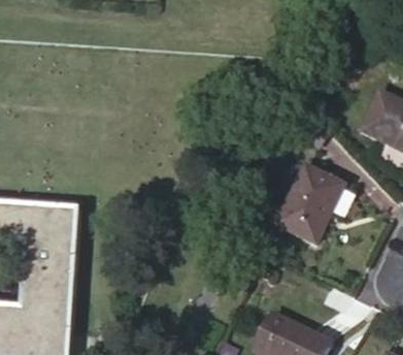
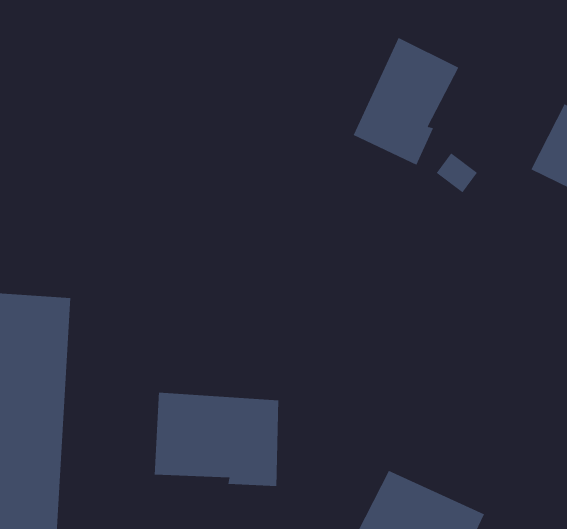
building: [277,164,342,243] -> [353,37,459,165]
building: none -> [154,392,279,487]

